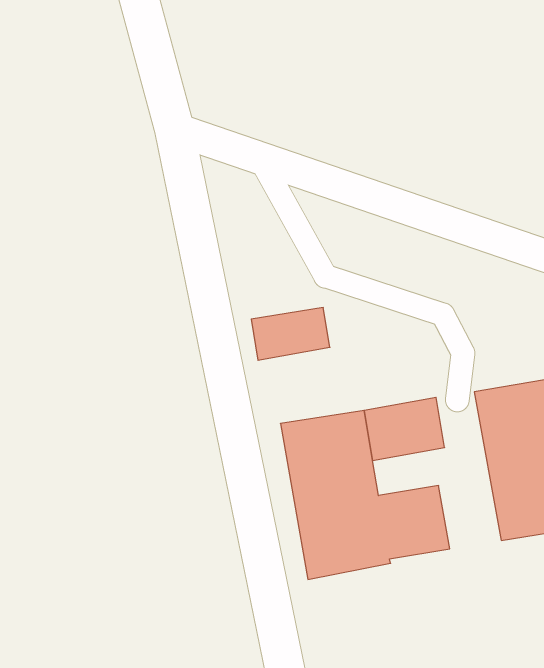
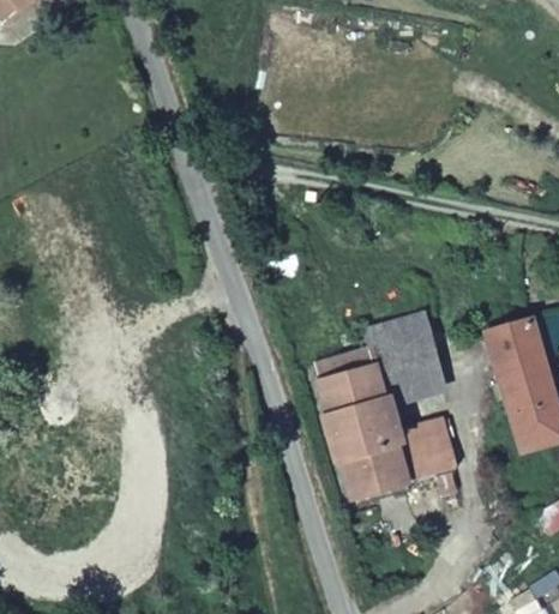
building: [251,308,330,360] -> [368,309,437,360]

